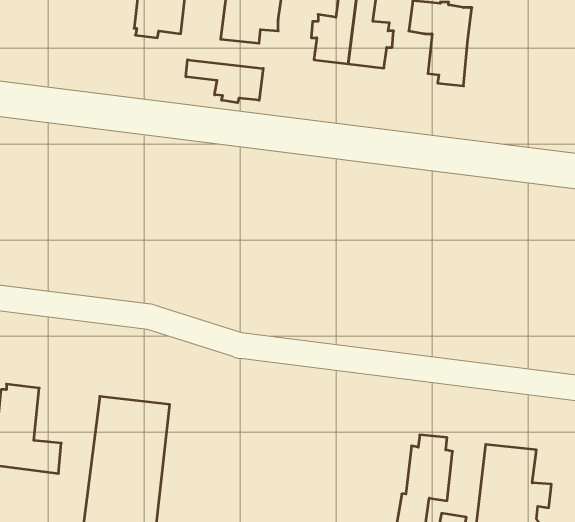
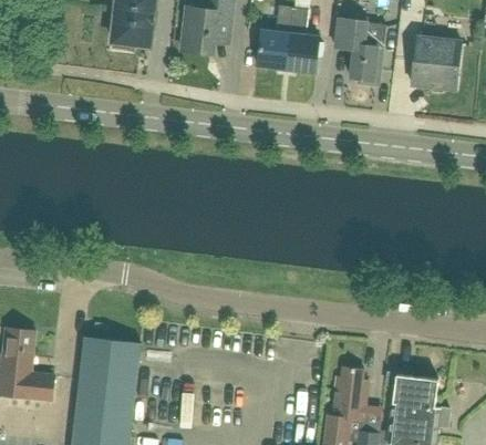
building: none -> [411,37,461,89]
building: [186,60,263,103] -> none

